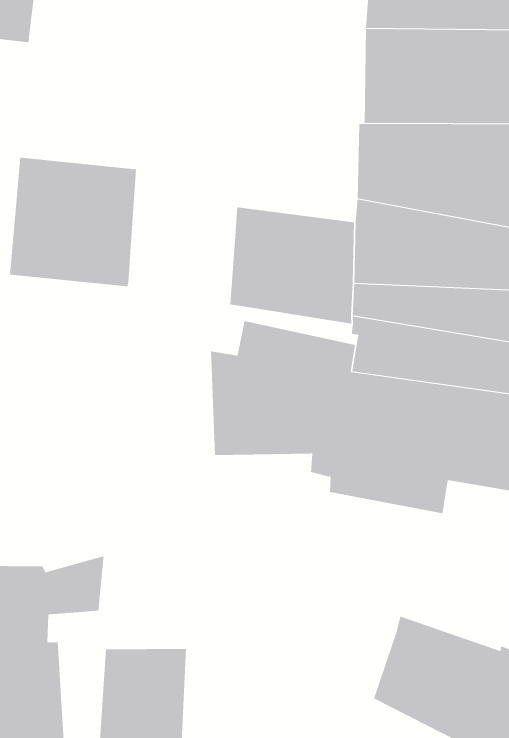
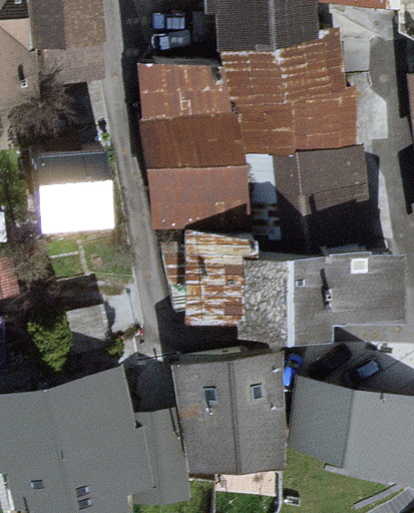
building: none -> [152,64,234,162]
building: none -> [182,362,274,461]

